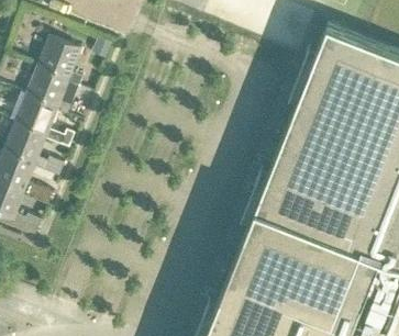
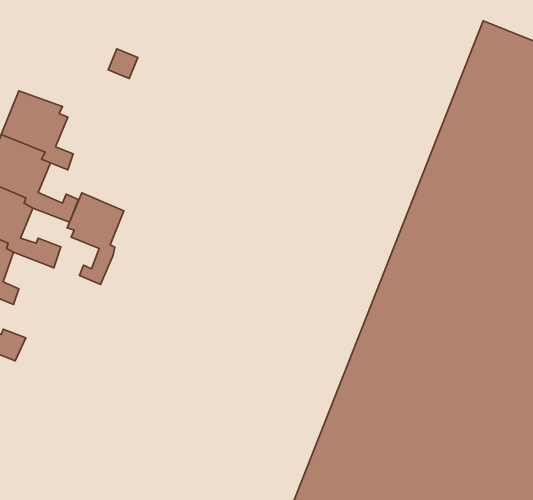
building: [37,40,82,89] -> none
building: none -> [67,193,124,284]

